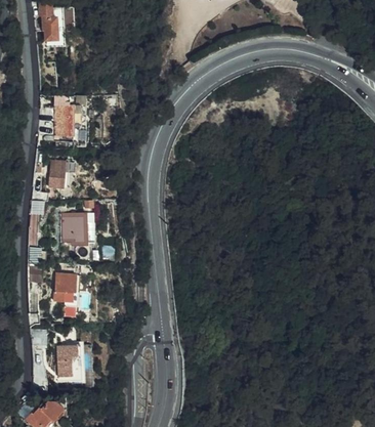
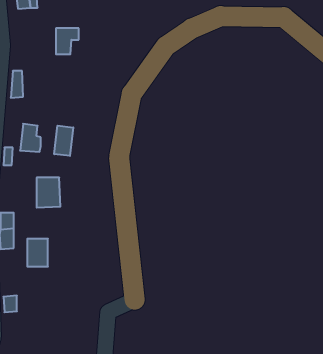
building: [54,109,77,134] -> [56,28,79,54]
building: none -> [54,126,73,156]
building: [56,346,83,382] -> none

